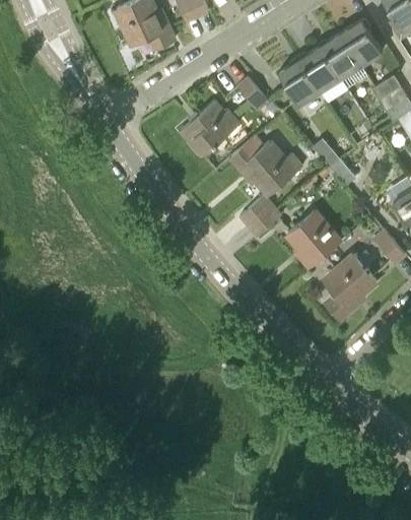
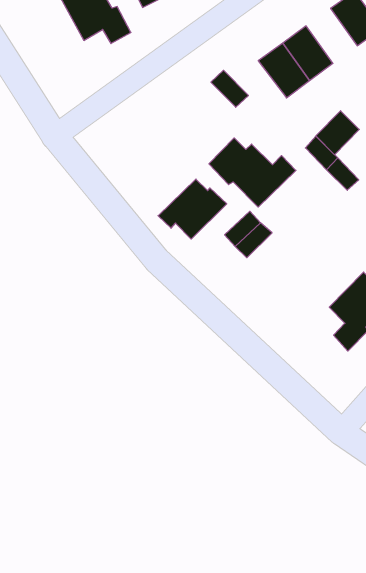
building: [320,32,361,78] -> none
building: [181,102,238,151] -> [158,179,227,239]
building: none -> [316,111,359,155]
building: [287,211,340,264] -> none

